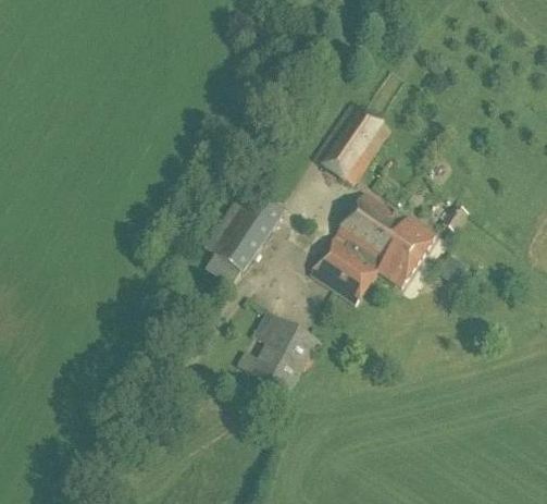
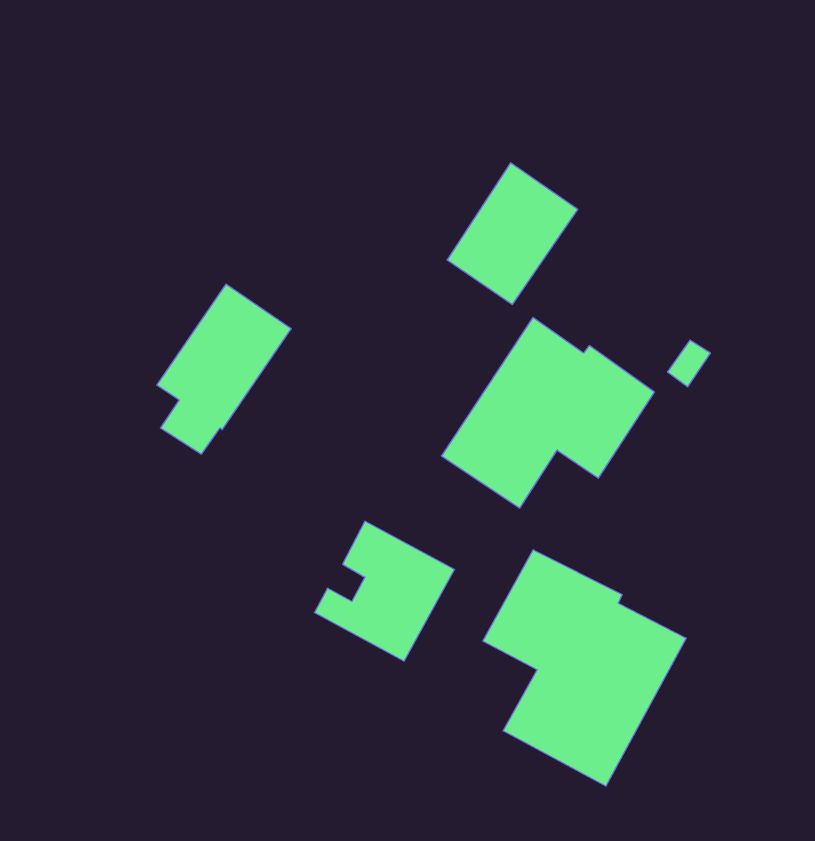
building: [204,187,283,286] -> [157,284,291,454]
building: none -> [483,550,686,786]

